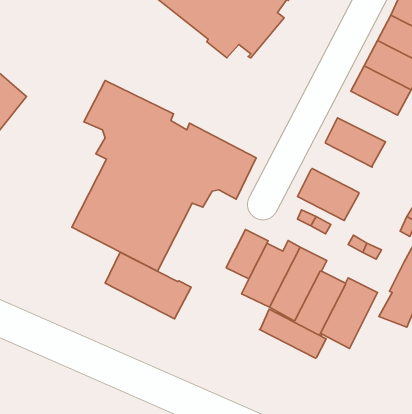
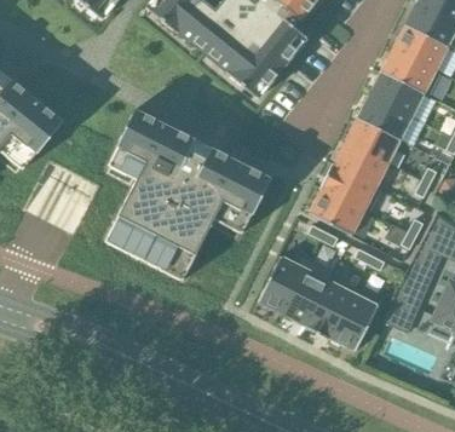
building: none -> [346,116,401,162]
building: none -> [321,161,384,212]
building: [226,229,268,279] -> none
building: [105,252,191,319] -> none
building: [260,309,326,358] -> none

